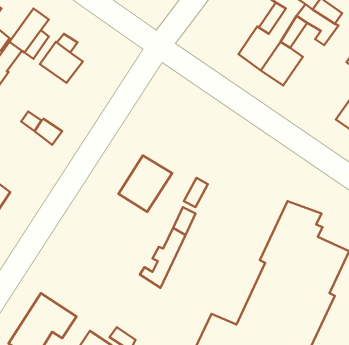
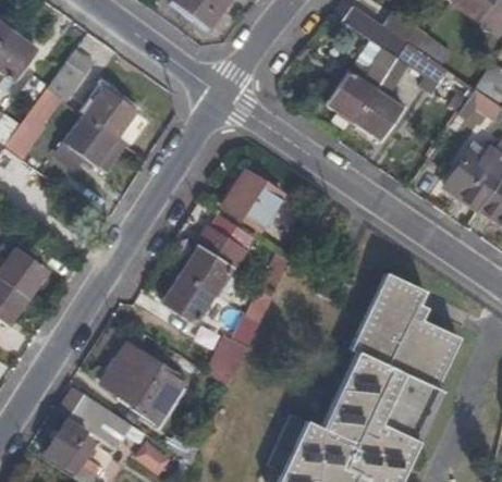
building: none -> [56,115,125,172]
building: none -> [223,170,282,228]
building: none -> [161,273,215,323]
building: none -> [103,346,186,421]

